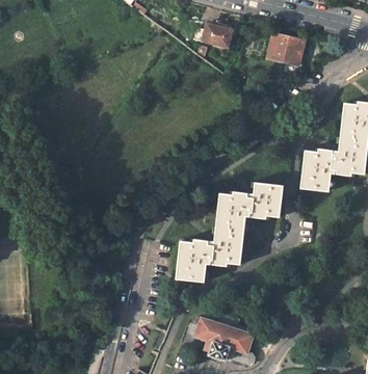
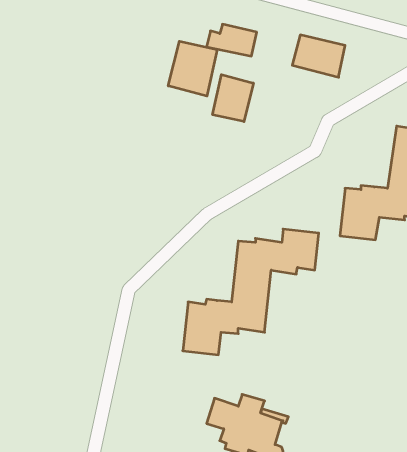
building: none -> [168,41,217,96]
building: none -> [213,75,253,122]

